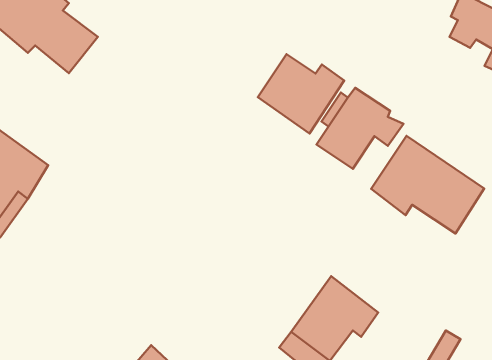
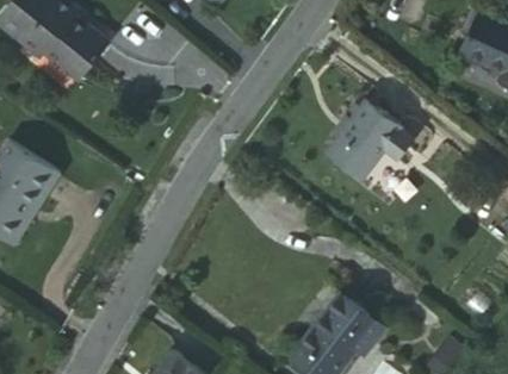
building: [258,54,344,133] -> none
building: [371,136,484,234] -> none

